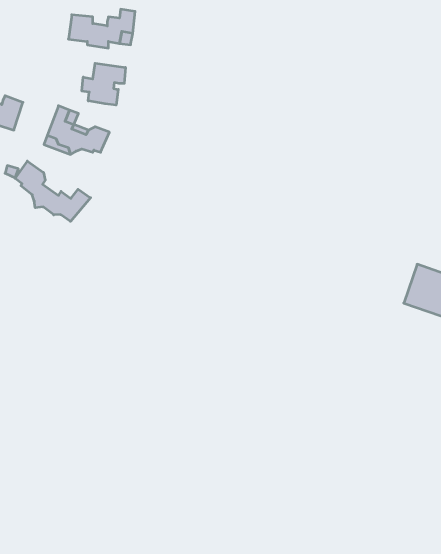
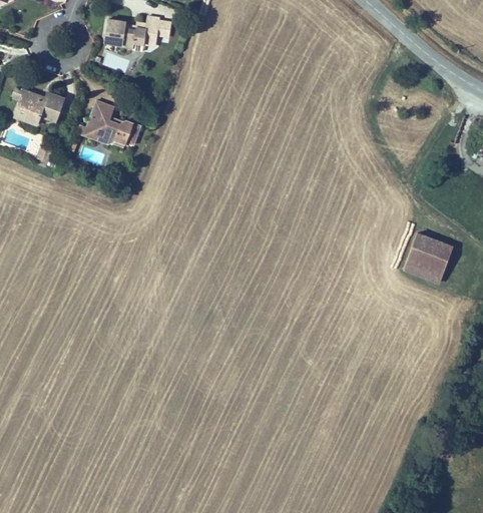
building: [82,63,125,105] -> none
building: [15,161,91,221] -> none

